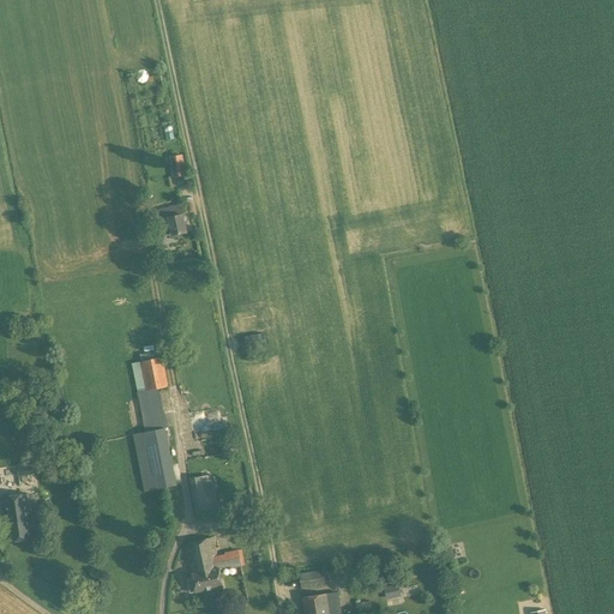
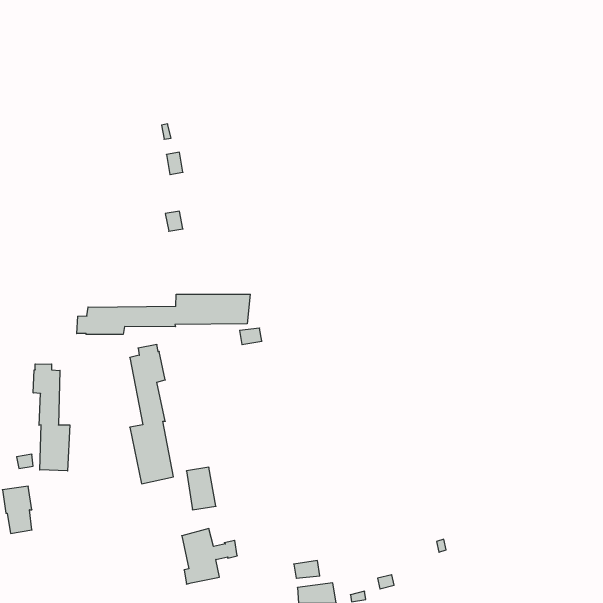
building: none -> [77,294,250,334]
building: none -> [33,364,70,471]

